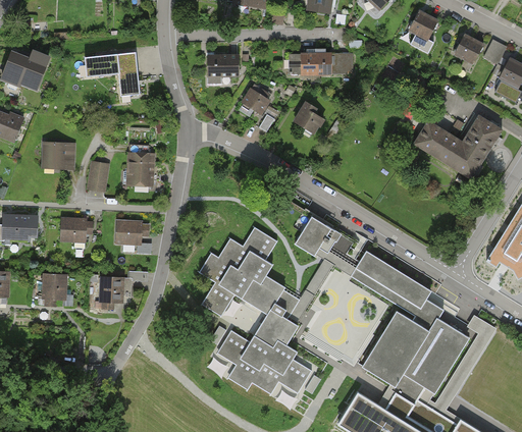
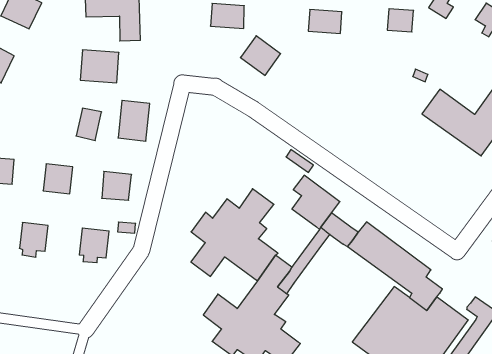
building: [329,54,353,74] -> [387,9,414,32]
building: [292,102,324,136] -> none
building: [41,143,75,171] -> [80,50,119,83]

